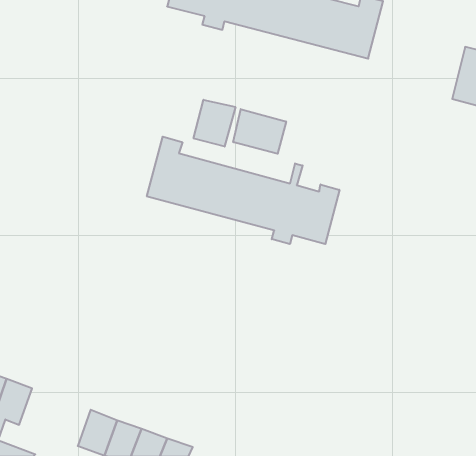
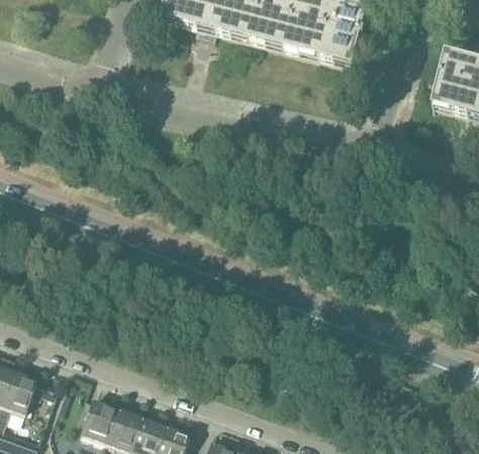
building: [194,100,235,147] -> none
building: [233,109,286,154] -> none
building: [147,137,339,244] -> none

